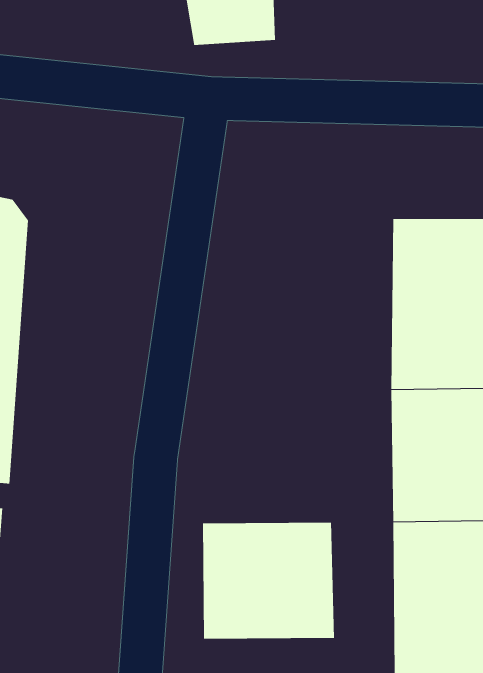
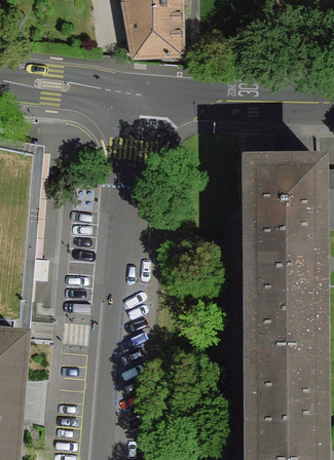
building: [203,522,335,639] -> none

